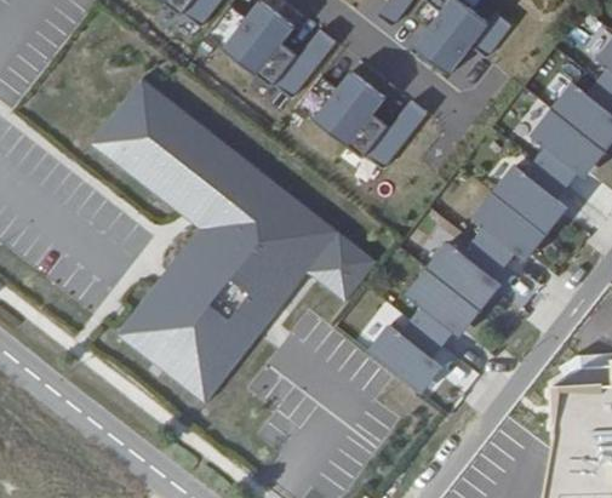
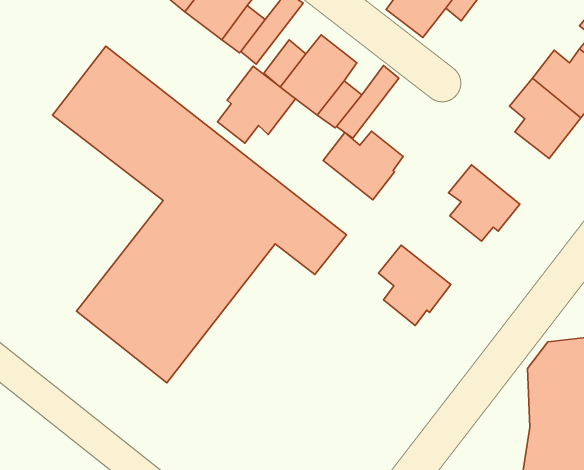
building: none -> [217,66,296,143]
building: [496,162,570,231] -> none
building: [429,242,505,308] -> [323,131,403,200]
building: [370,322,442,390] -> none

